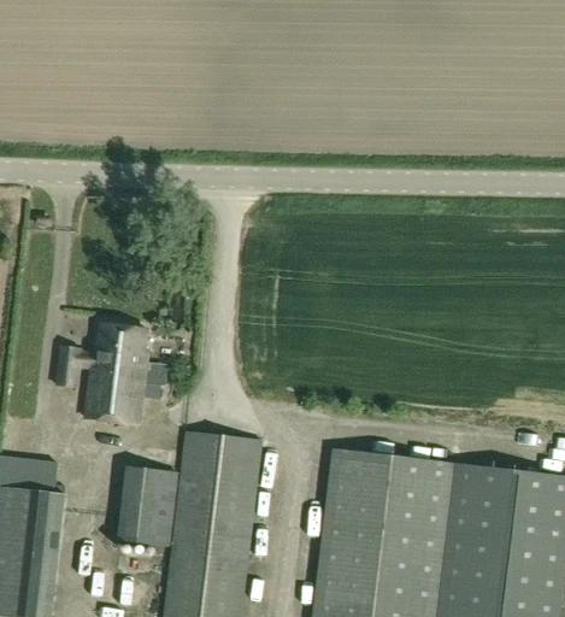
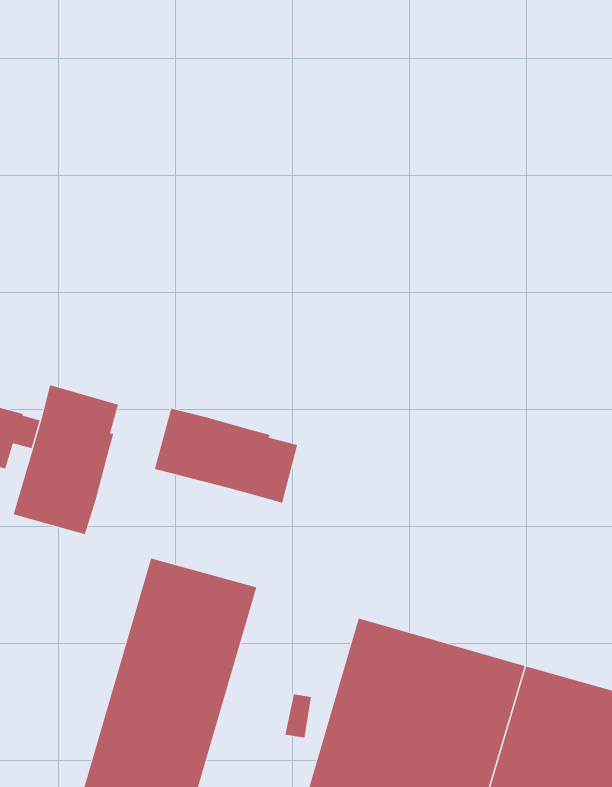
building: none -> [154,408,298,504]
building: [142,363,167,401] -> none
building: [117,466,178,547] -> none

